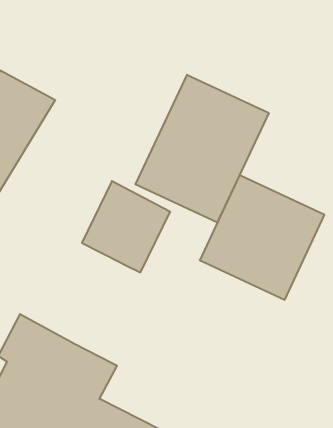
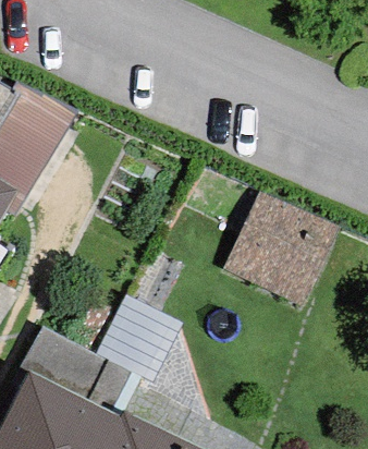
building: [136,75,269,223] -> none
building: [82,181,170,272] -> [94,294,181,385]

